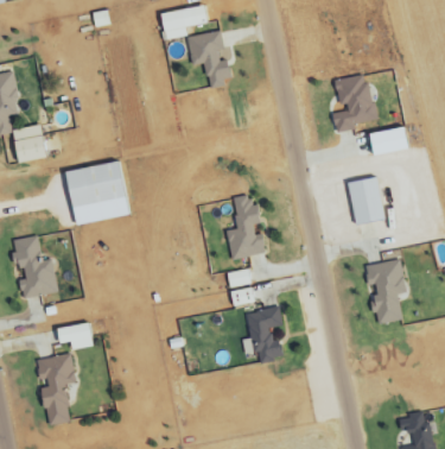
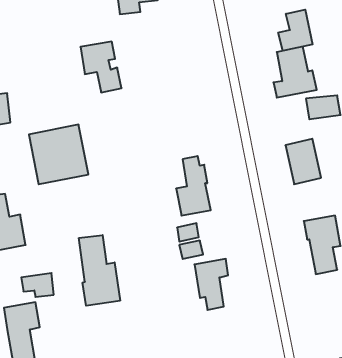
building: [186,30,231,86] -> [80,42,122,92]
building: none -> [278,10,313,51]
building: none -> [79,235,120,306]

